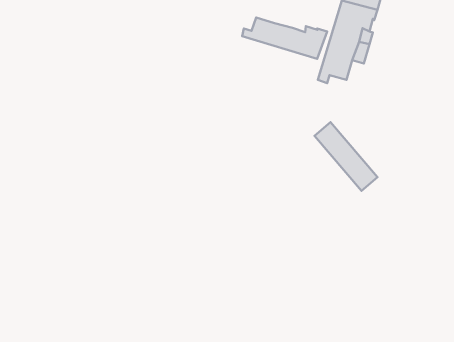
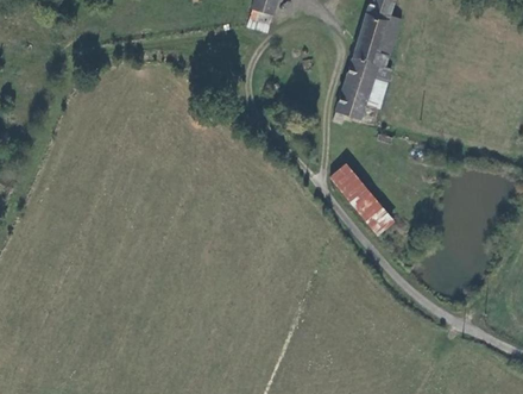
building: [242,18,327,59] -> none

